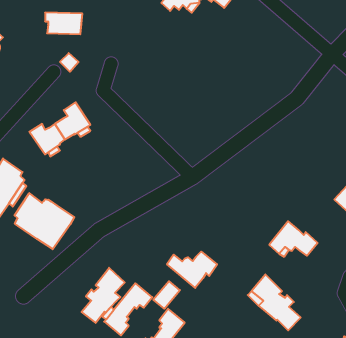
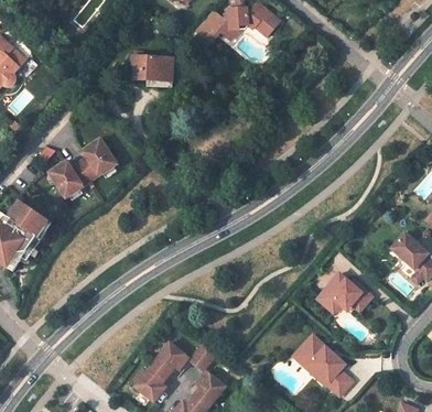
building: [45,13,82,34] -> [133,56,175,80]
building: [15,193,74,249] -> none
building: [167,252,217,288] -> none
building: [82,268,125,323] -> none

